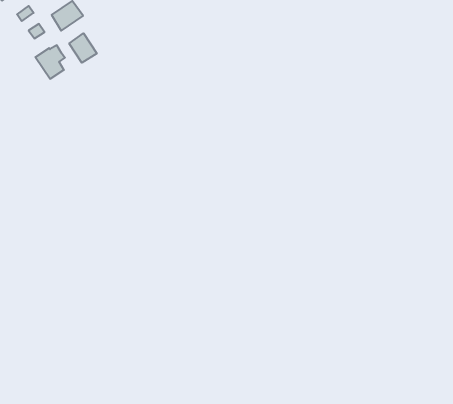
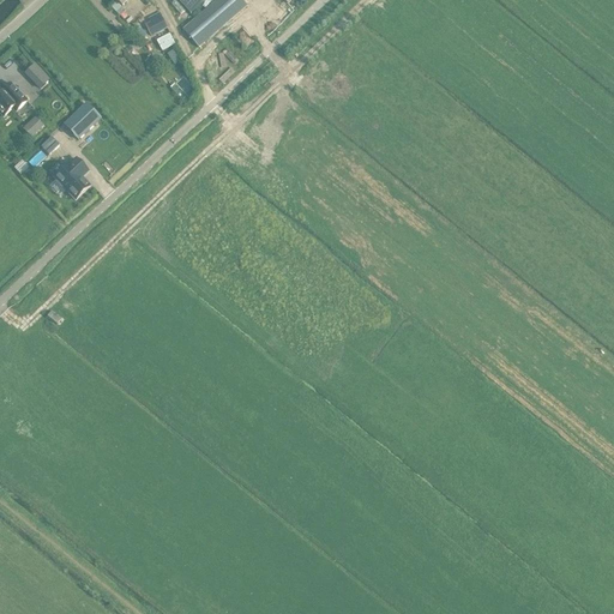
building: [69,33,97,63] -> none

